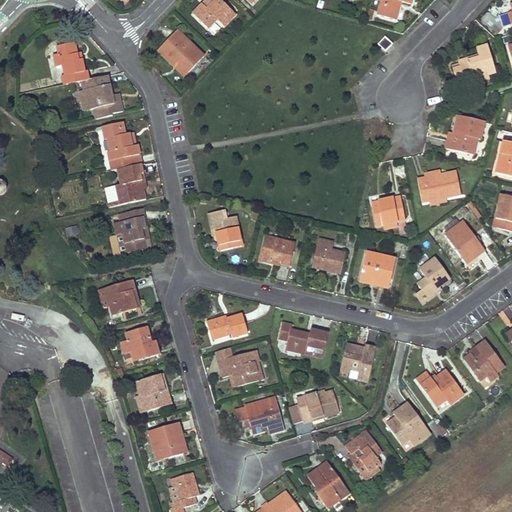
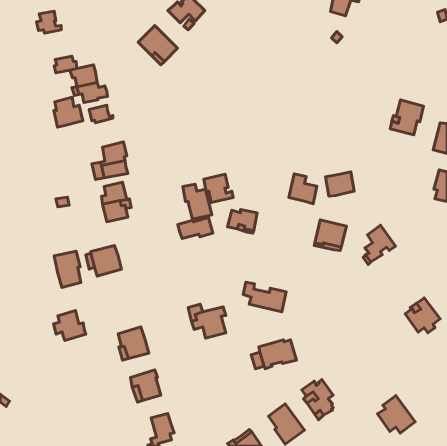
building: [54,43,82,68] -> [37,11,61,33]
building: [454,45,496,83] -> none
building: [108,135,141,169] -> [54,97,83,127]
building: [418,170,461,200] -> none
building: none -> [204,174,233,203]
building: [445,220,484,262] -> none
building: [313,238,345,272] -> [289,174,317,204]
building: none -> [54,251,81,288]
building: [206,313,246,337] -> [178,218,213,239]
building: [121,327,158,361] -> [54,311,86,340]
building: [339,344,375,381] -> none
building: [416,369,463,405] -> none
building: [244,397,283,432] -> none
building: [386,402,429,445] -> [378,396,415,433]

